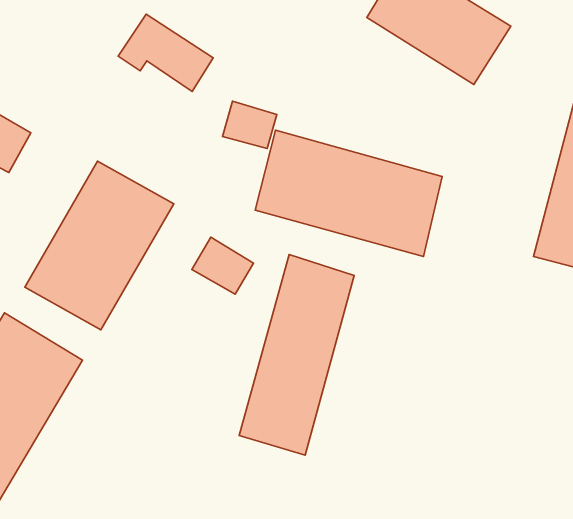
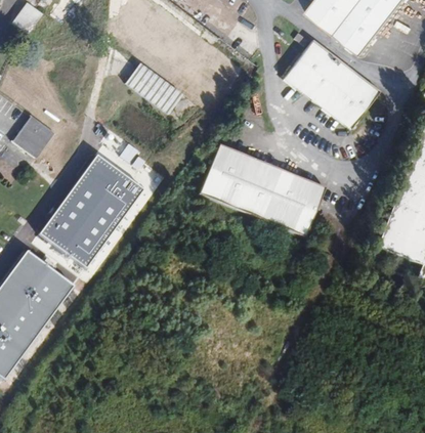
building: [223,101,277,148] -> none
building: [192,237,253,294] -> none
building: [239,254,354,455] -> none

